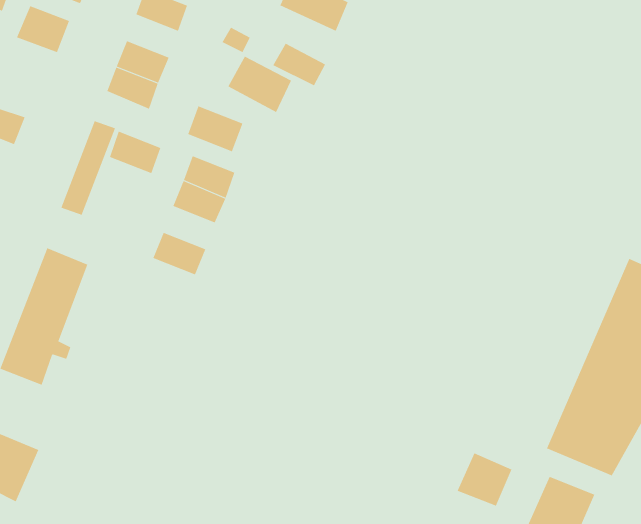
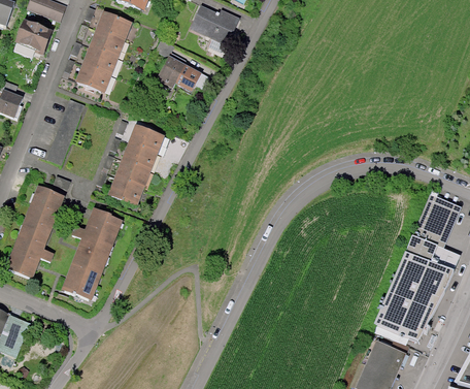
building: none -> [91,29,126,58]
building: [272,43,326,86] -> none
building: [187,105,243,152] -> none
building: [109,131,161,174] -> [115,158,150,187]
building: none -> [64,208,124,299]
building: [457,453,512,507] -> none

